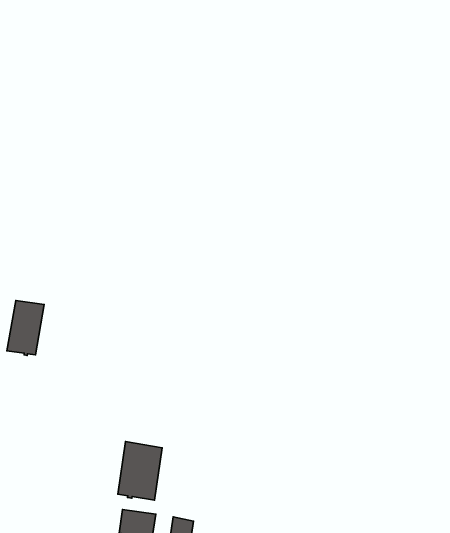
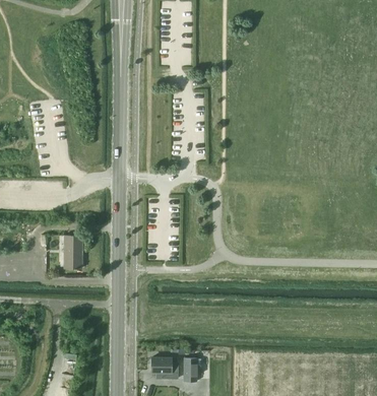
building: [118,441,162,500] -> none

